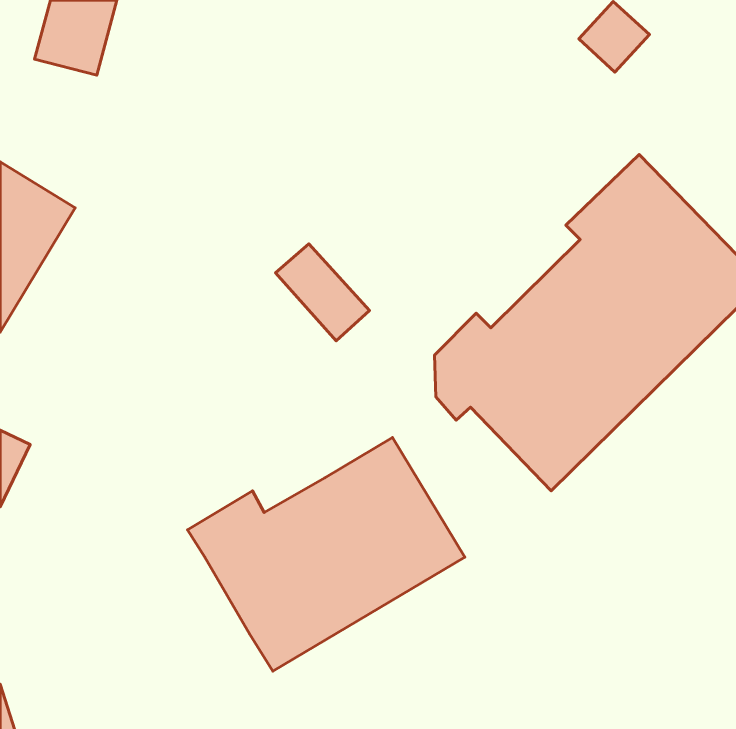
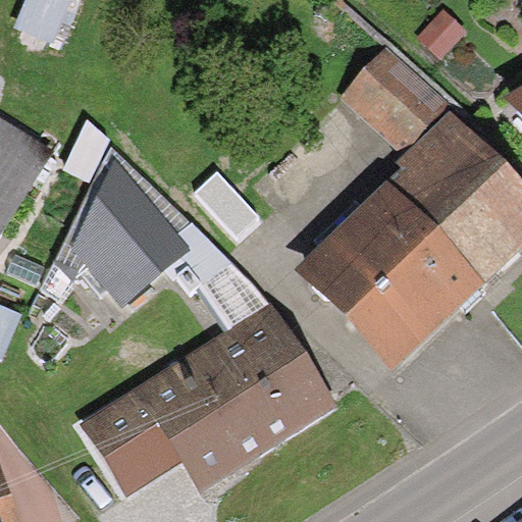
building: none -> [338,46,439,147]
building: none -> [79,160,278,344]
building: none -> [76,388,177,487]

